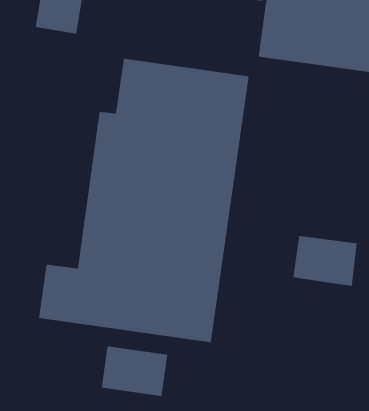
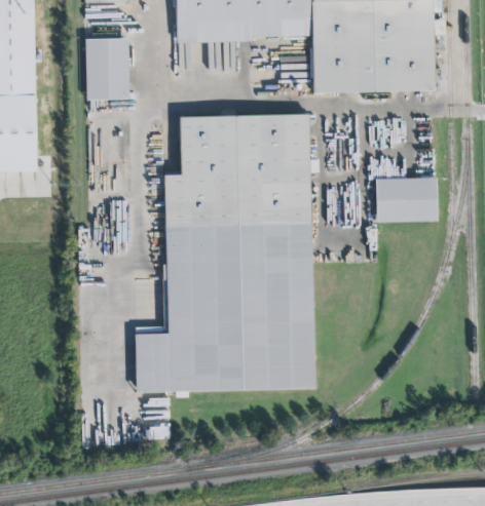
building: [292,235,358,287] -> [376,177,439,222]
building: [101,345,168,397] -> none

